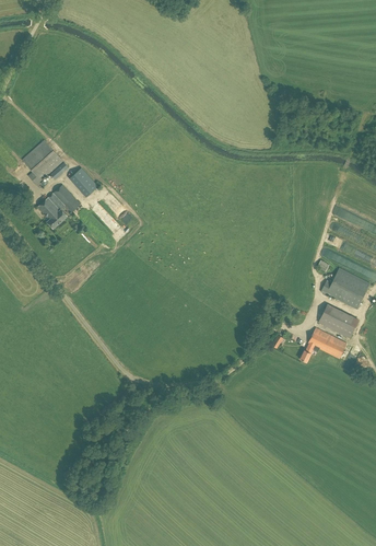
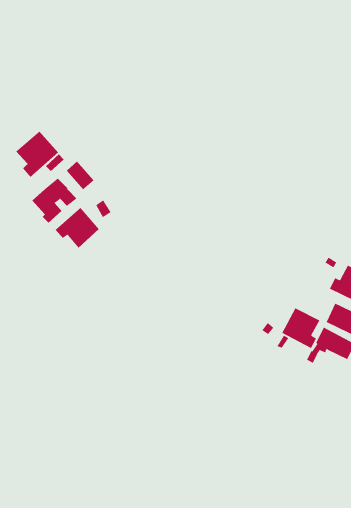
building: none -> [55,207,100,248]
building: none -> [282,308,320,349]

